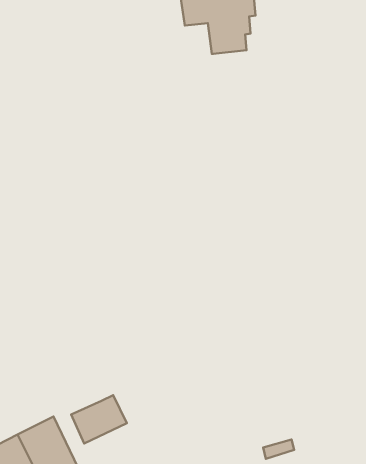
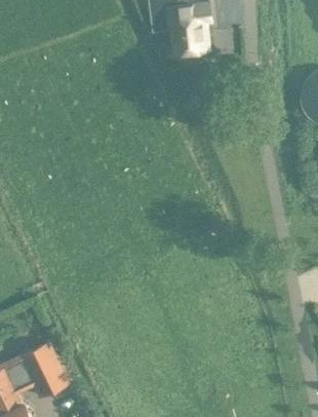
building: [71,395,127,443] -> none

